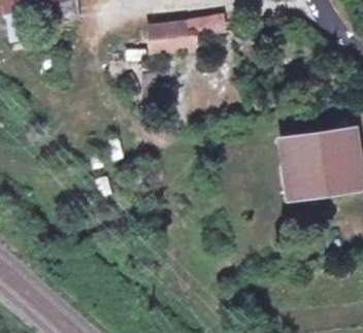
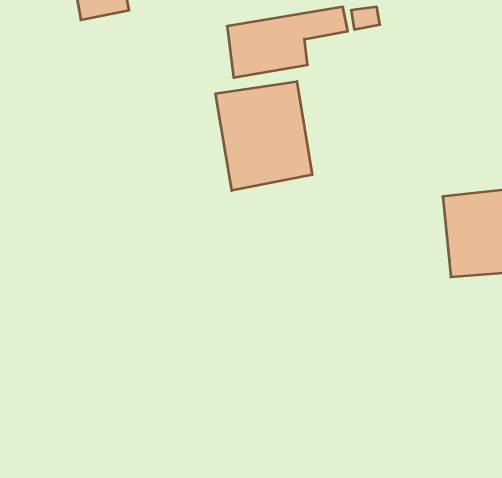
building: none -> [216,81,312,191]

